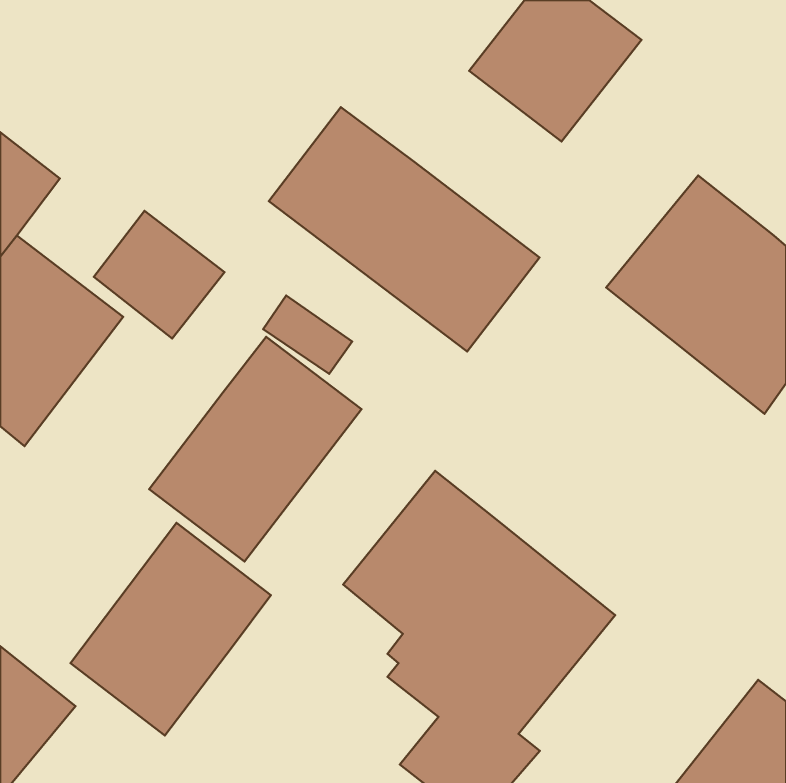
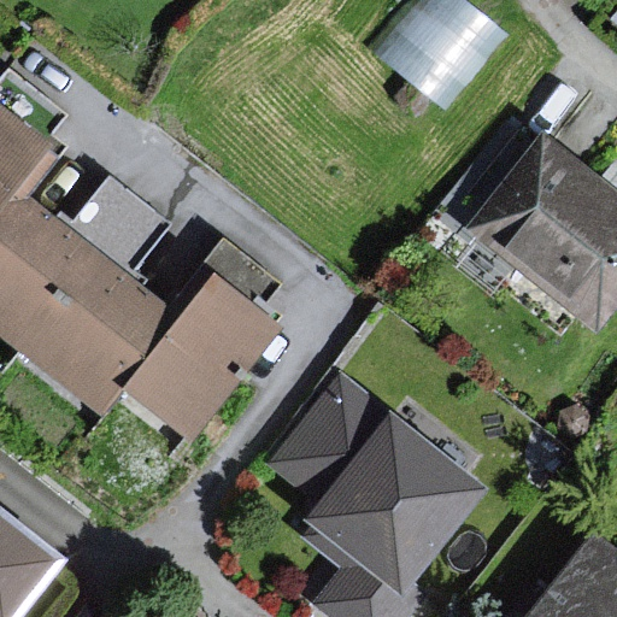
building: [269,107,539,352] -> none
building: none -> [19,251,175,411]
building: [70,523,271,735] -> none

